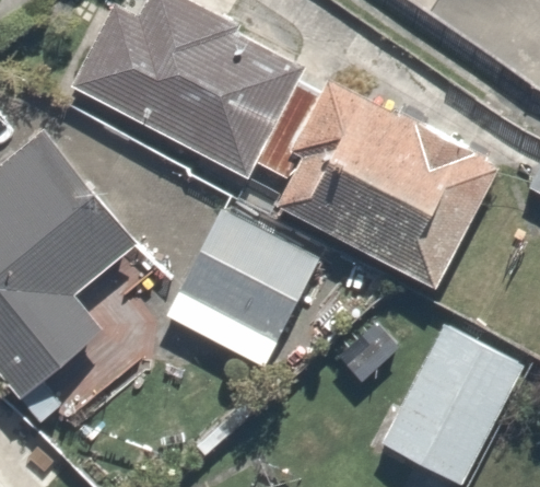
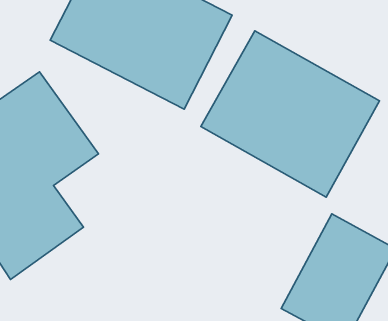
building: [166,206,326,360] -> none

